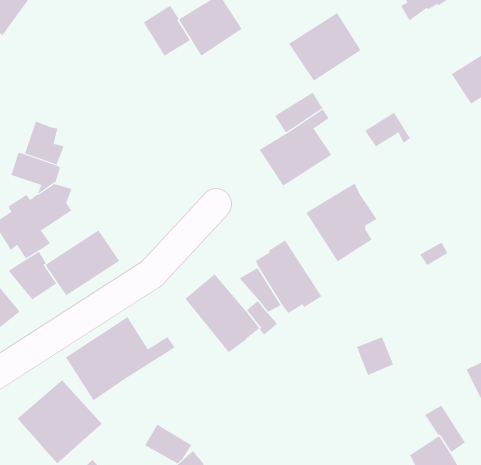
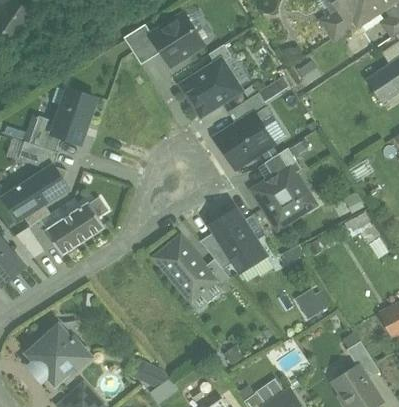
building: [288,12,361,82] -> [182,60,240,115]
building: none -> [52,89,96,143]
building: [364,112,411,147] -> [265,148,302,176]
building: [65,316,175,401] -> none

